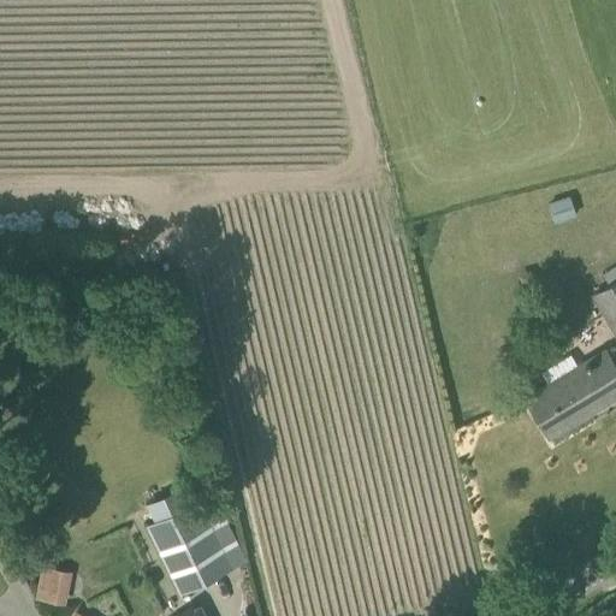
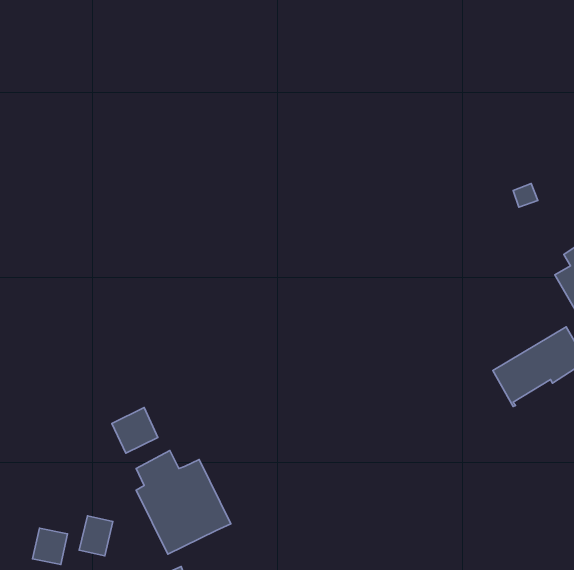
building: none -> [112,408,158,453]
building: none -> [79,516,113,556]

